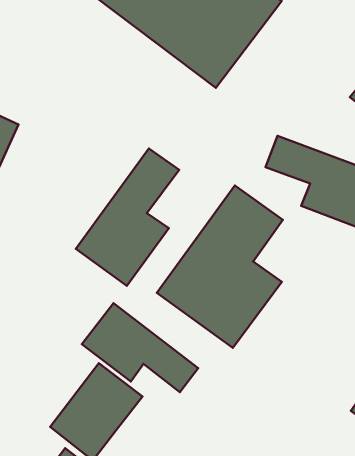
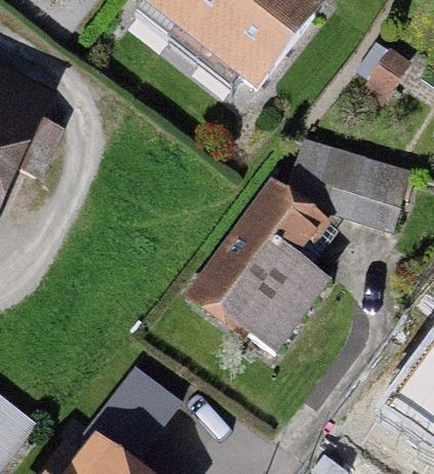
building: [76,148,179,286] -> none
building: [82,303,198,392] -> none

